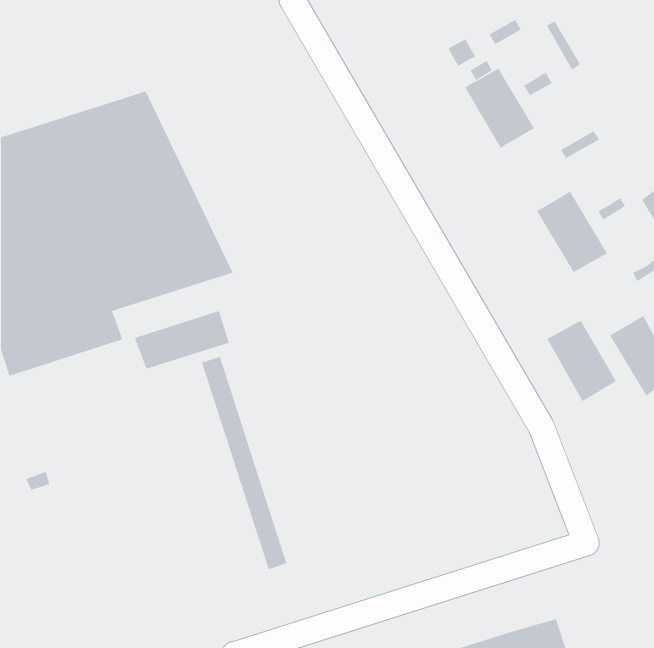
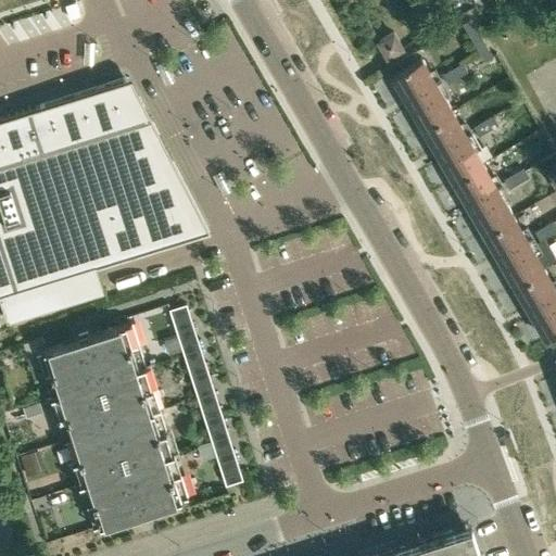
building: none -> [425,114,484,185]
building: [134,310,230,369] -> none
building: [546,320,617,402] -> [486,220,546,290]
building: none -> [38,325,190,531]

